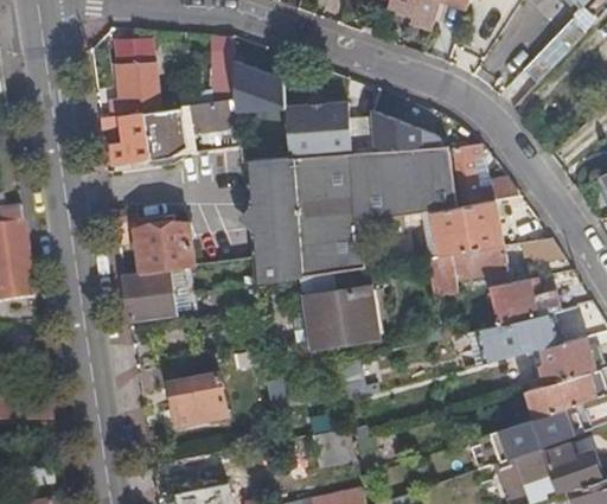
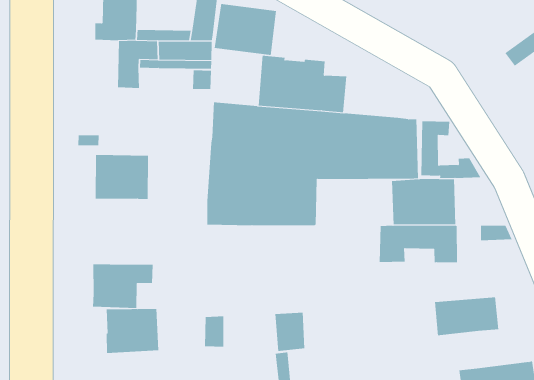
building: [372,111,440,152] -> none
building: [100,114,146,166] -> none
building: [122,268,185,319] -> [92,264,153,309]
building: [300,268,379,346] -> none
building: [488,279,558,325] -> none
building: [538,337,595,385] -> none

